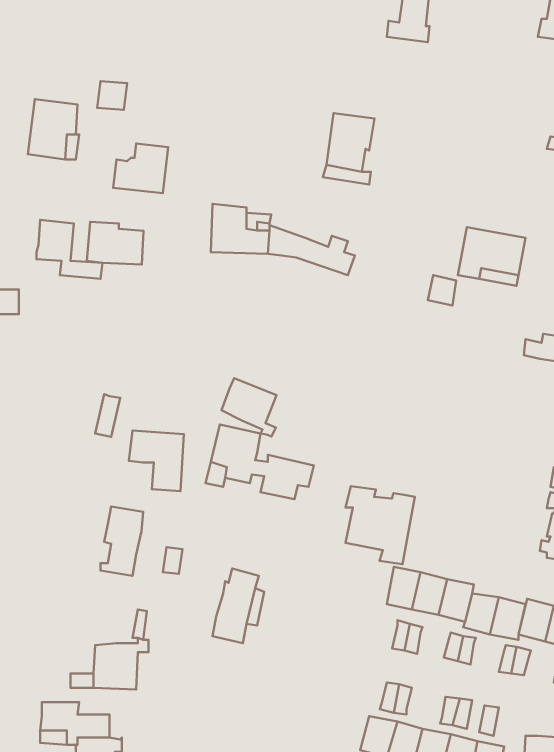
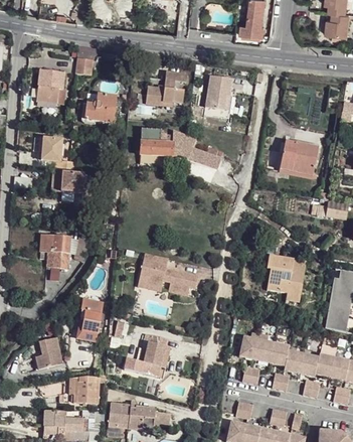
building: none -> [145,71,187,105]
building: [87,222,144,264] -> [51,168,83,192]
building: [222,378,276,437] -> none
building: [129,431,184,491] -> [39,234,70,268]
building: [346,486,415,564] -> [267,256,306,300]
building: none -> [35,336,62,369]
building: none -> [109,403,170,429]

